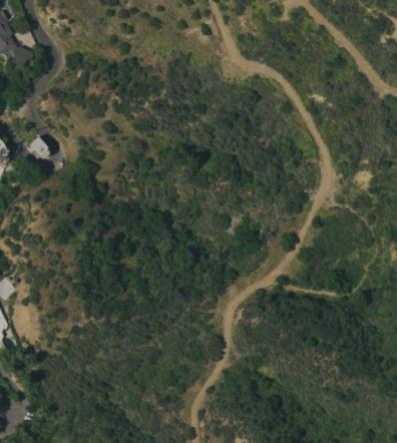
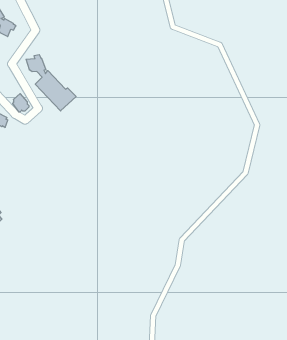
building: none -> [26,55,76,111]

